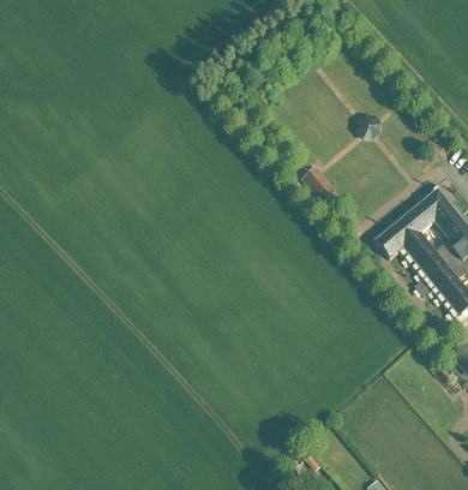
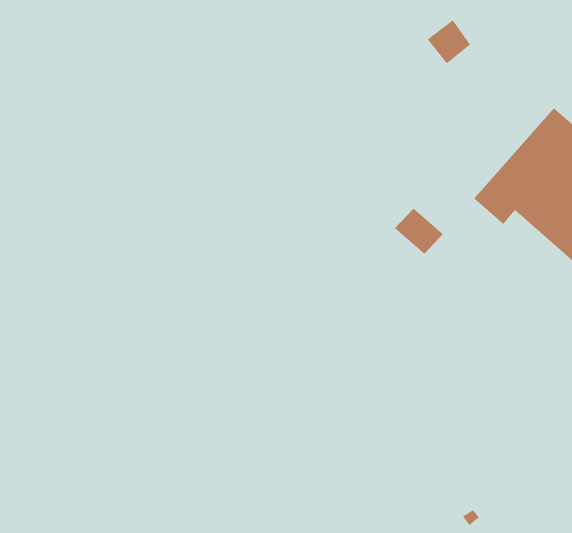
building: [304,168,337,202] -> [394,208,444,255]

